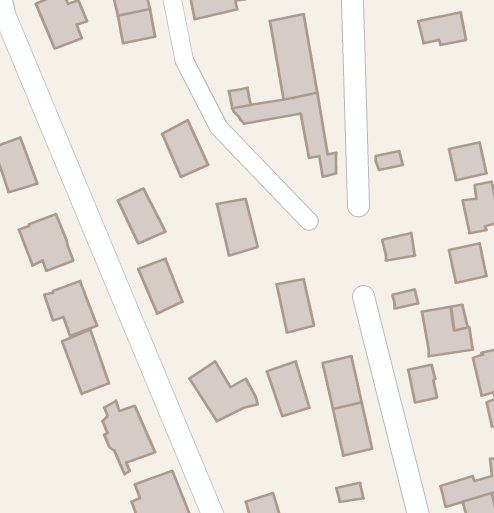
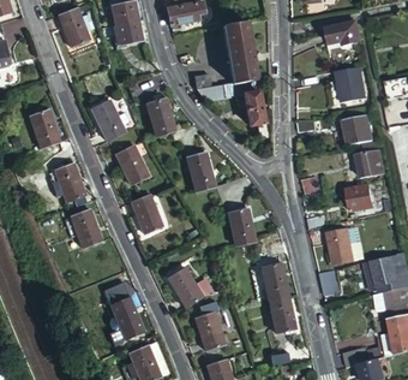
building: none -> [336,66,367,103]
building: none -> [94,100,130,142]
building: [62,329,109,394] -> none
building: [267,361,310,416] -> [193,311,223,350]

